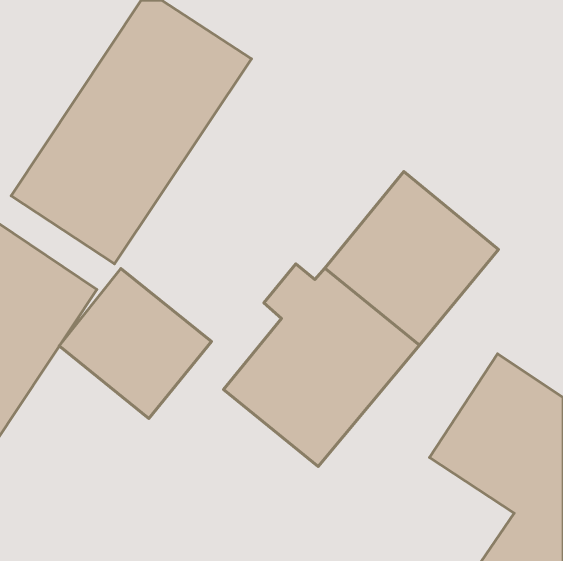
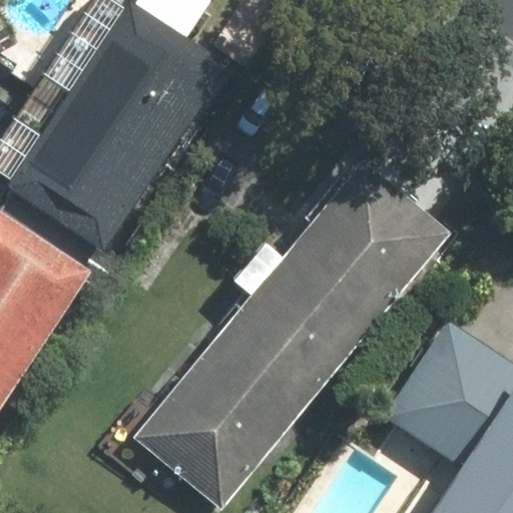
building: [59,269,211,419] -> none
building: none -> [135,358,287,507]

